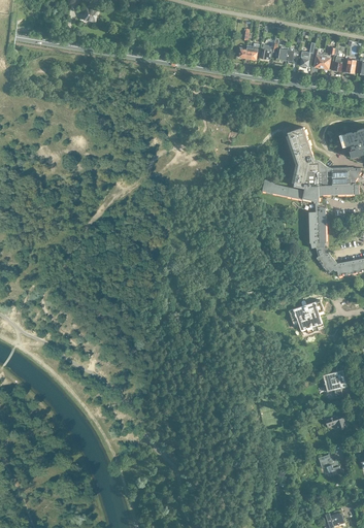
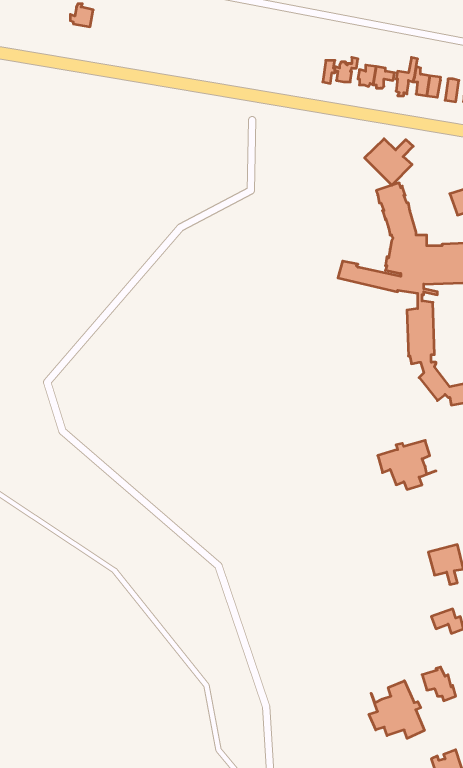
building: none -> [365,139,413,185]
building: none -> [369,681,424,738]

